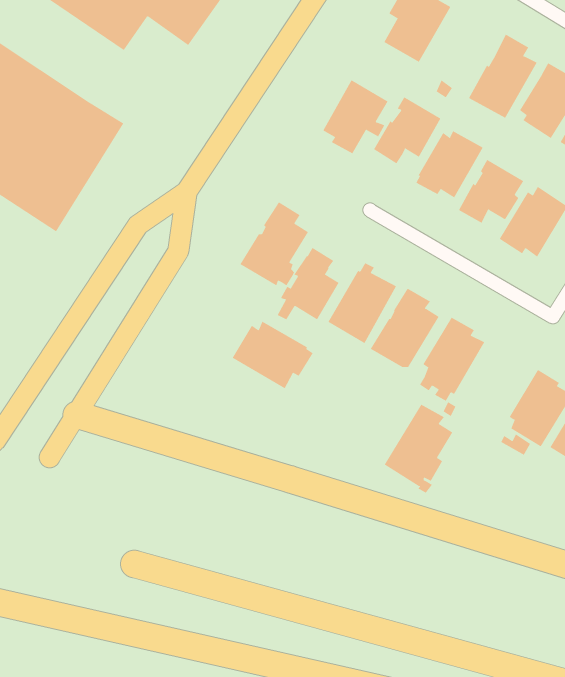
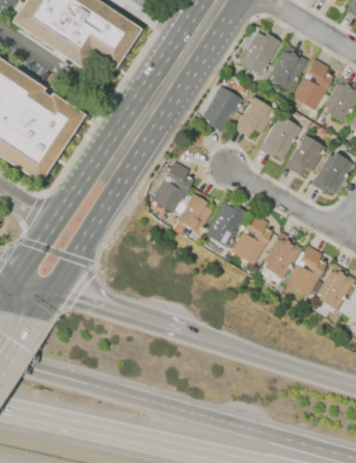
building: none -> [268,44,308,91]
building: [232,321,313,389] -> none
building: [384,404,453,493] -> [285,246,328,301]

